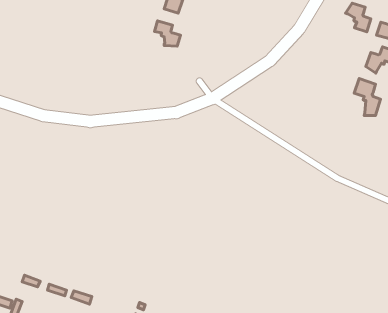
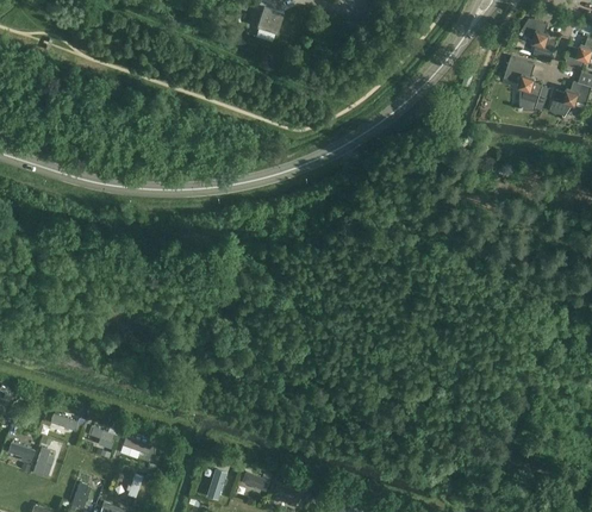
building: [155,21,180,46] -> none
building: [354,78,380,115] -> [505,56,543,110]

